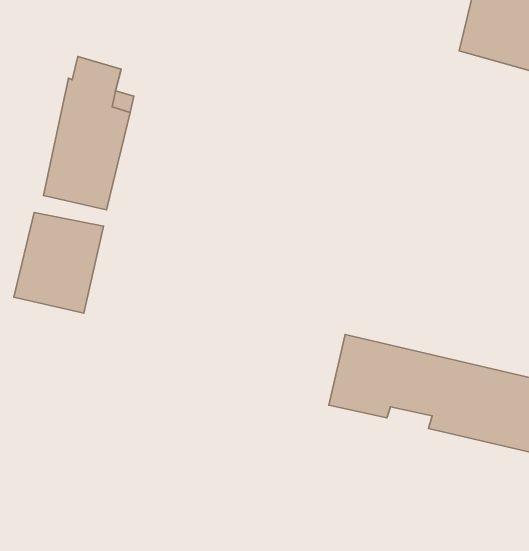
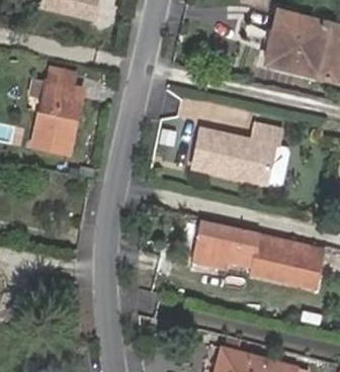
building: none -> [189,124,281,183]
building: [14,213,104,313] -> none

